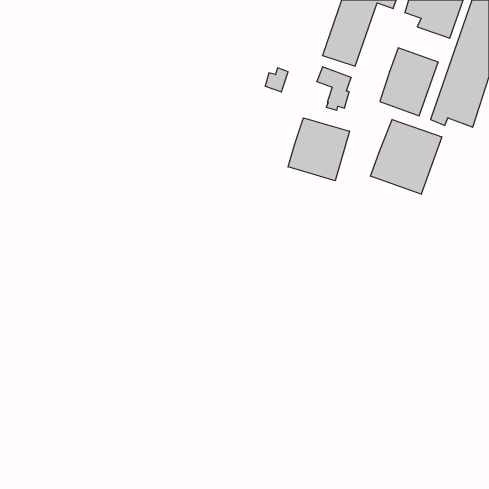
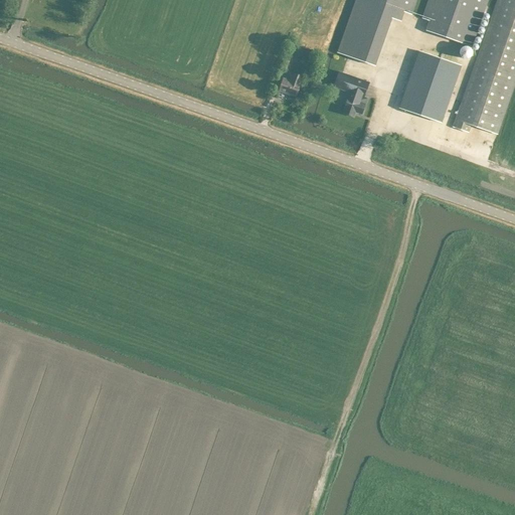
building: [288,118,350,181] -> none
building: [371,119,442,194] -> none

